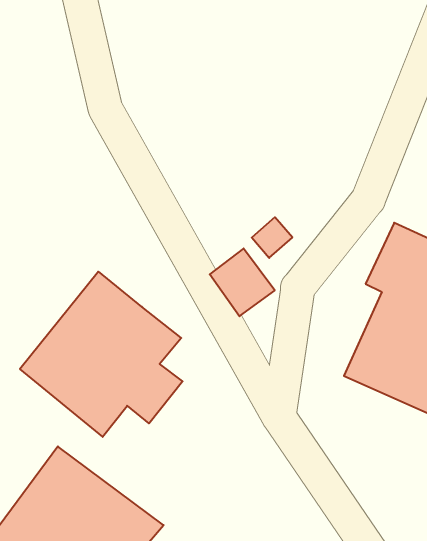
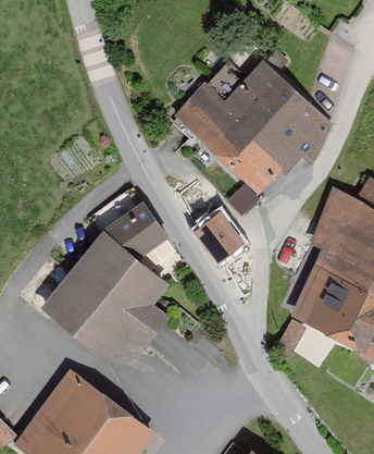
building: none -> [175,61,323,189]
building: none -> [100,200,165,257]

